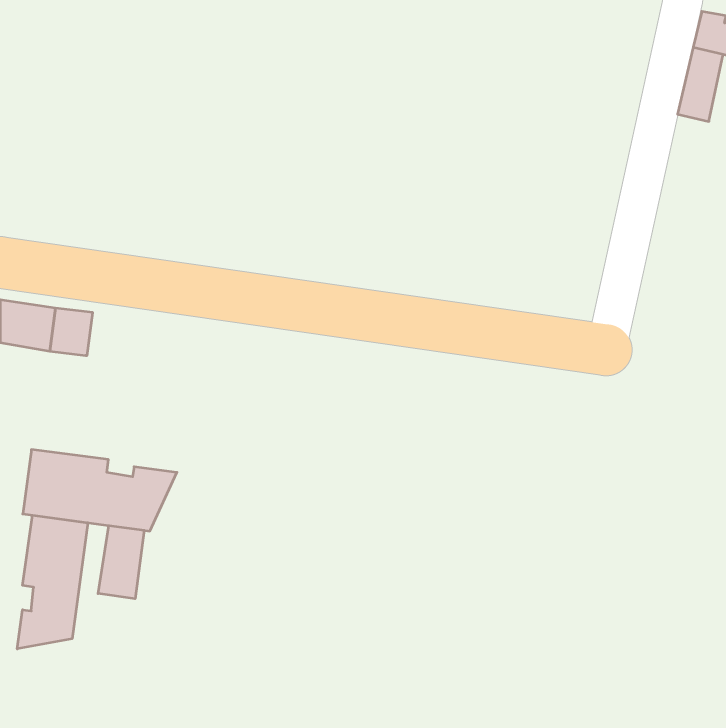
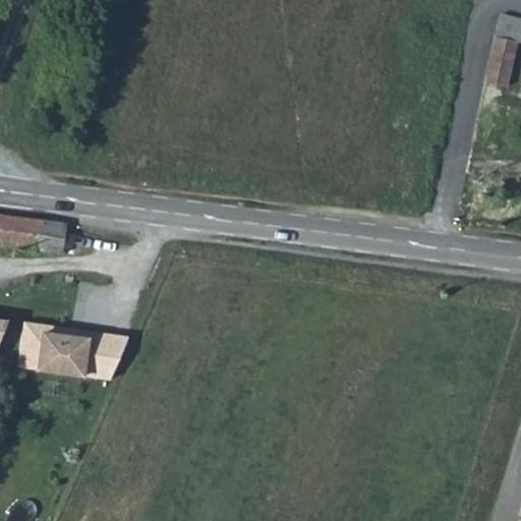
building: [17,515,88,649] -> none
building: [98,526,144,599] -> none

